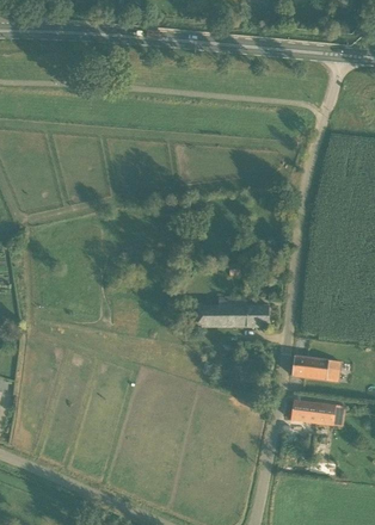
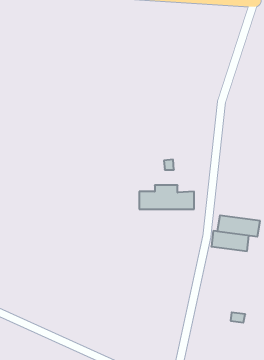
building: [289,399,345,426] -> [217,215,260,237]

